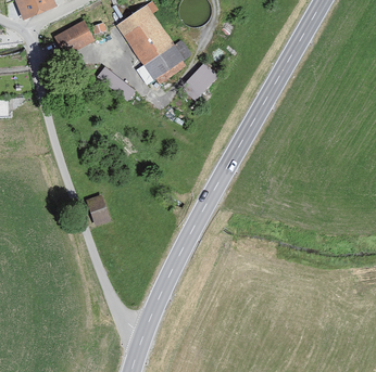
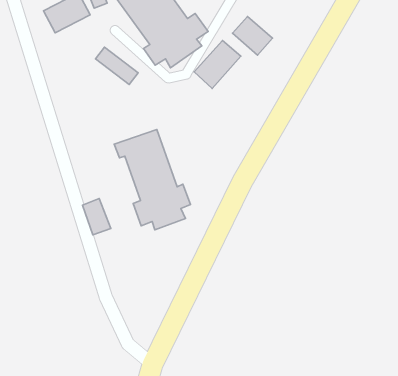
building: none -> [233,16,272,55]
building: none -> [114,129,190,230]

